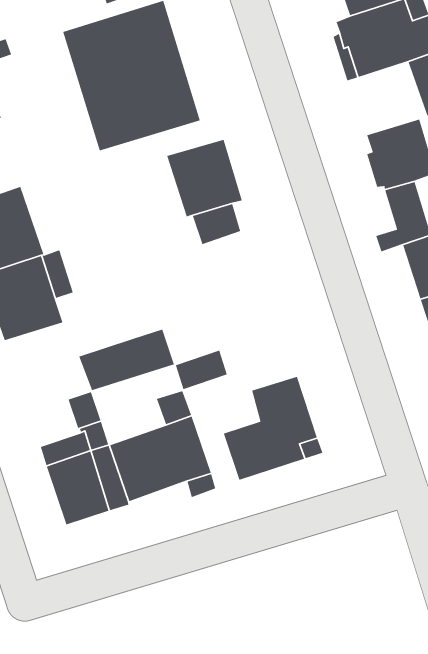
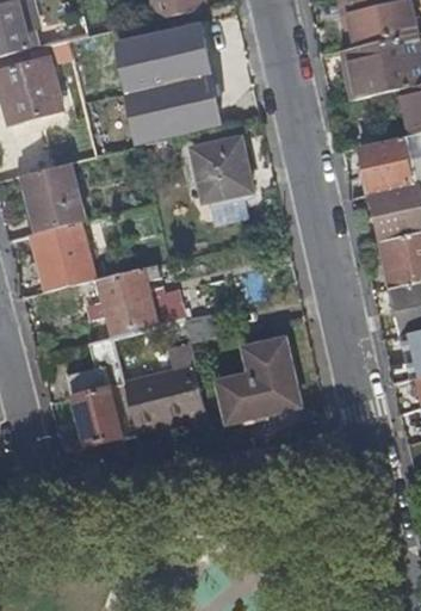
building: none -> [98,265,161,308]

